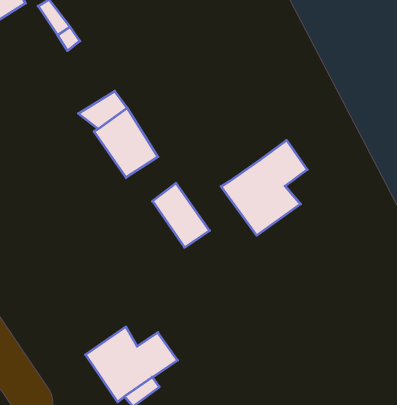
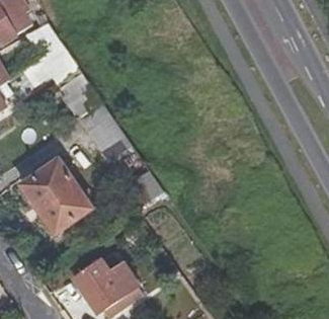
building: [221,140,307,235] -> none
building: none -> [22,162,89,234]

